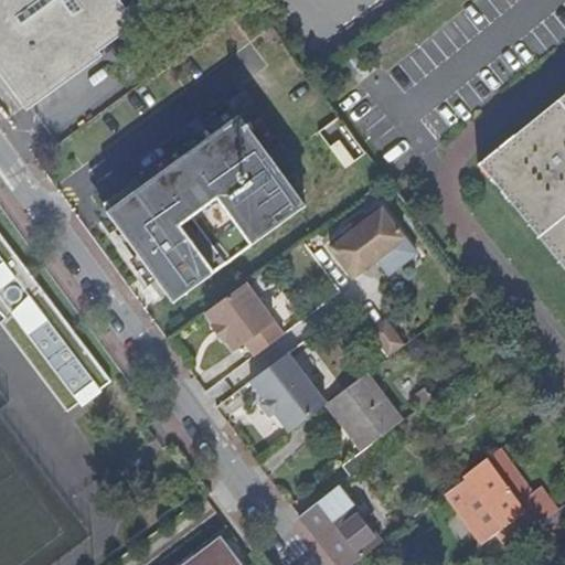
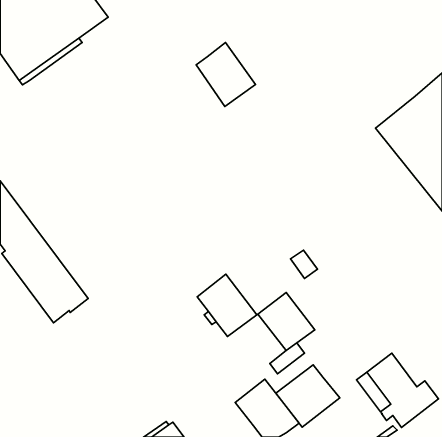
building: none -> [196,43,255,106]
building: [102,117,301,305] -> none
building: [332,207,418,276] -> none
building: [207,281,284,352] -> none
building: none -> [276,365,340,427]

